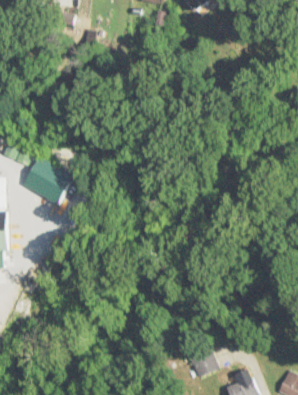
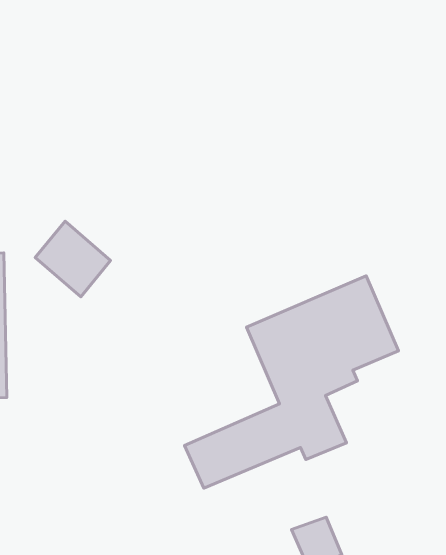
building: none -> [185,276,399,488]

